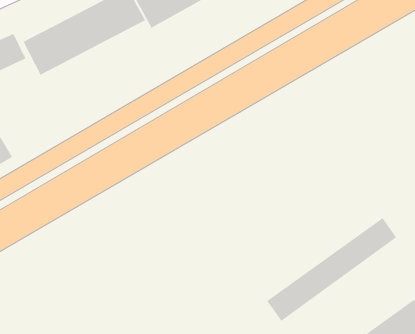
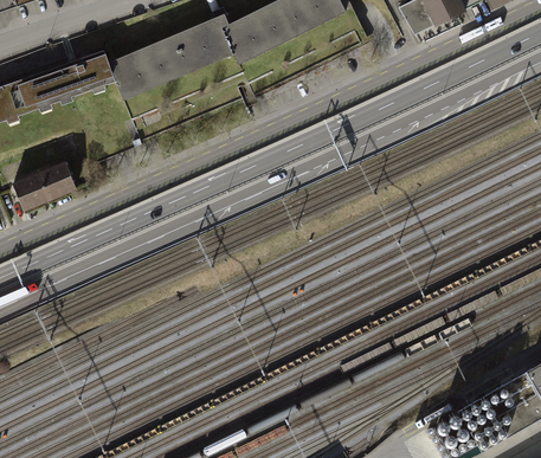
building: [266,217,397,322] -> none

